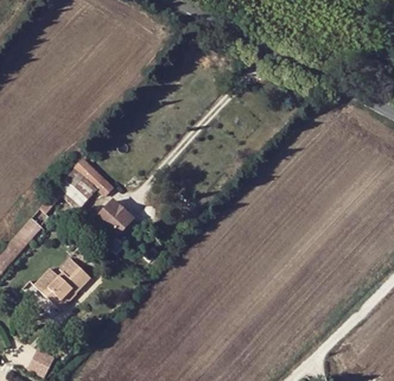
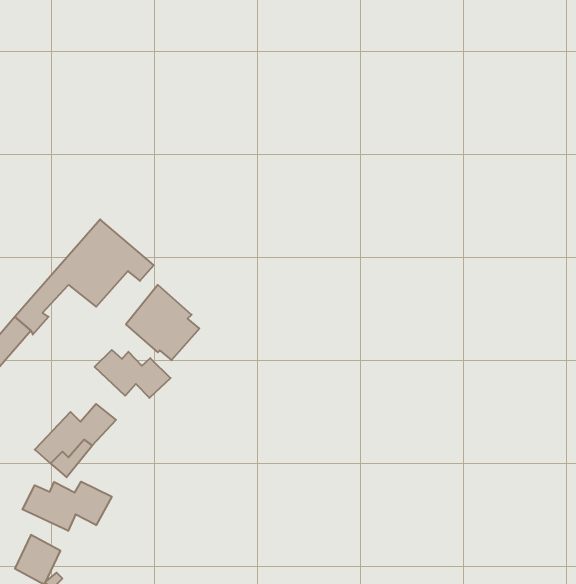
building: none -> [95,350,171,398]
building: none -> [22,482,112,531]

